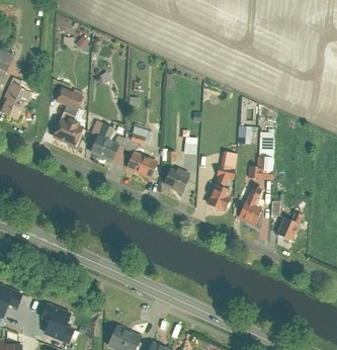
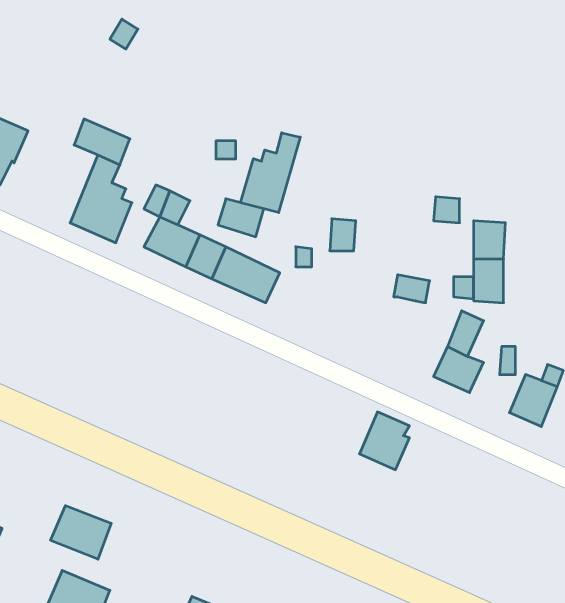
building: none -> [241,133,300,213]
building: [164,165,191,191] -> none
building: [207,181,233,210] -> [359,412,409,470]
building: none -> [51,506,111,559]

